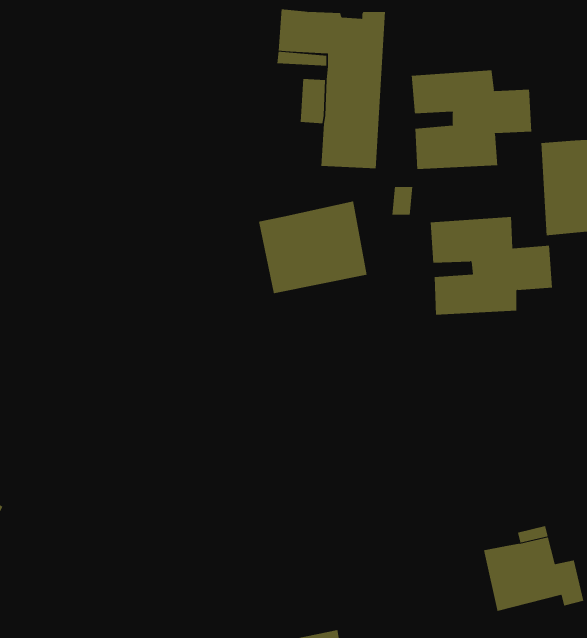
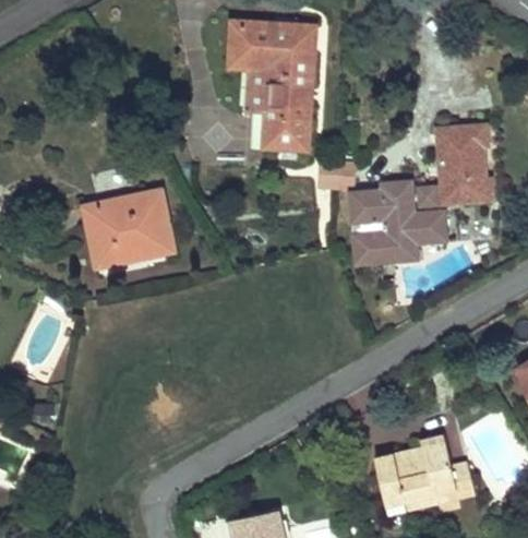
building: [411,70,532,170] -> none
building: [258,201,367,294] -> [85,190,172,264]
building: none -> [375,453,457,513]

